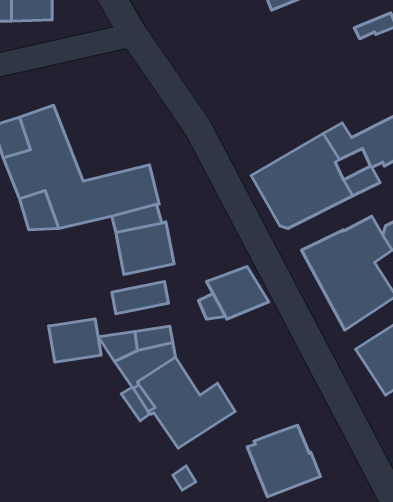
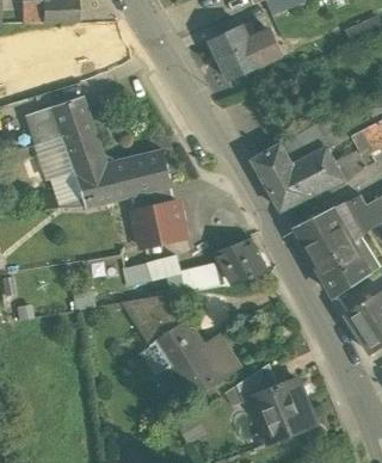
building: none -> [209,25,283,81]
building: [48,319,101,362] -> none
building: none -> [235,364,277,401]

